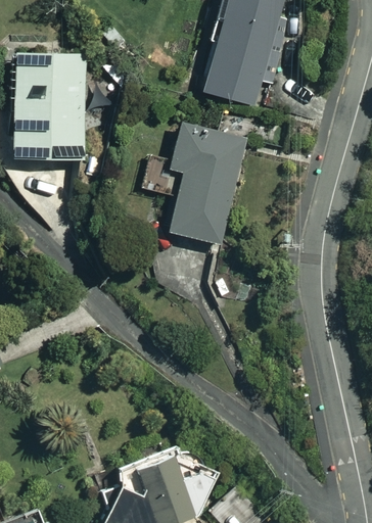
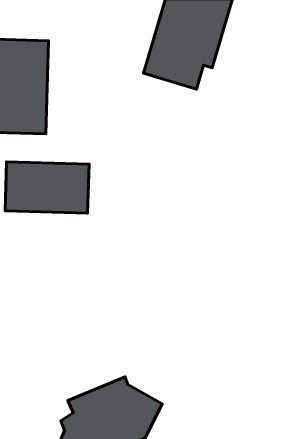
building: [162,124,245,244] -> none
building: none -> [5,162,89,213]

